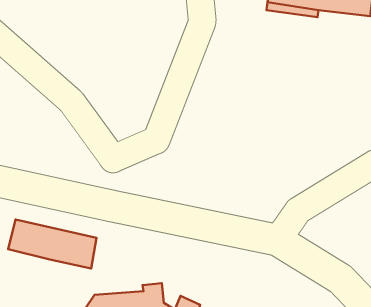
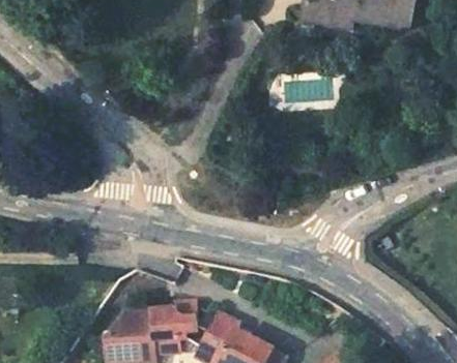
building: [8,220,97,269] -> none

